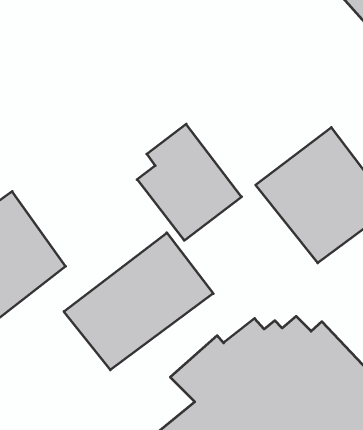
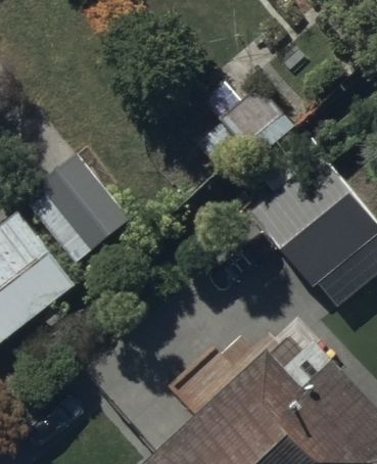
building: [137,124,242,240] -> [31,155,131,267]
building: [64,233,213,370] -> none

